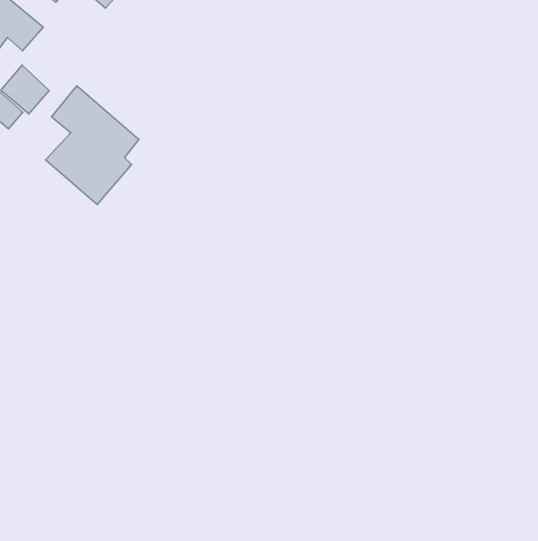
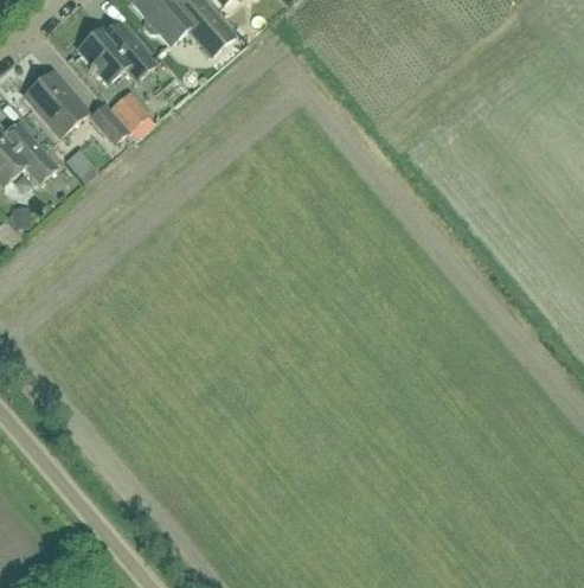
building: [46,86,139,204] -> none

